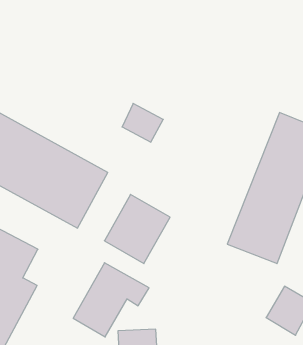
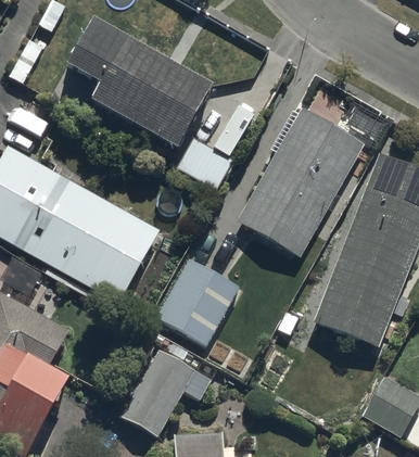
building: none -> [65,14,212,147]
building: none -> [237,109,365,262]

